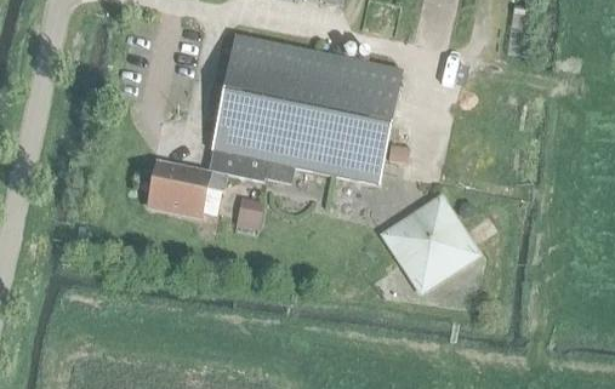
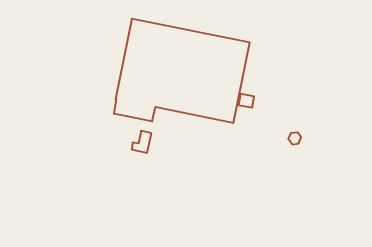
building: [148,162,228,214] -> none
building: [387,201,474,288] -> none

